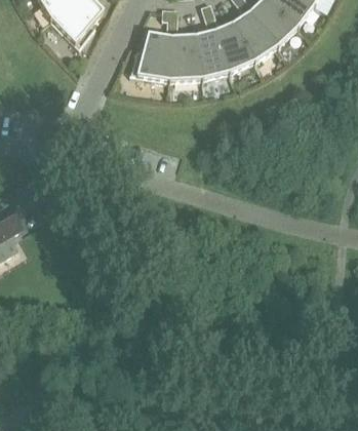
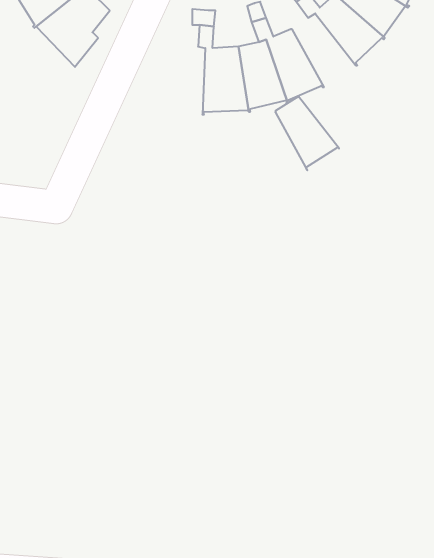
building: [234,11,279,64] -> [275,96,339,170]
building: [130,33,172,83] -> none

